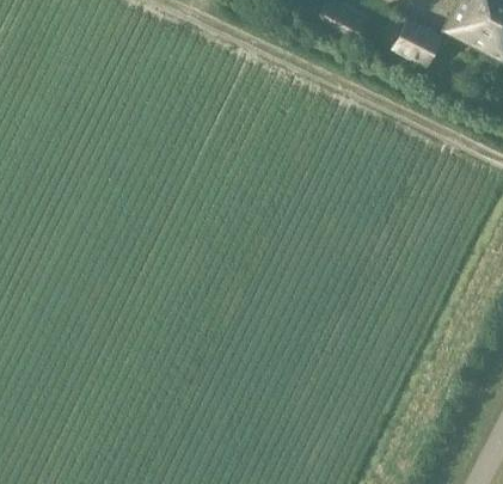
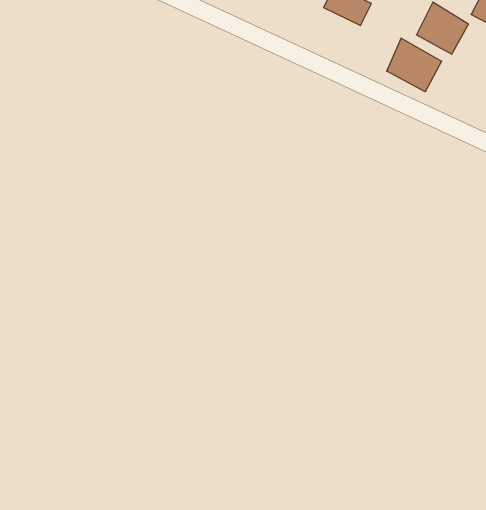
building: none -> [387,38,442,92]

